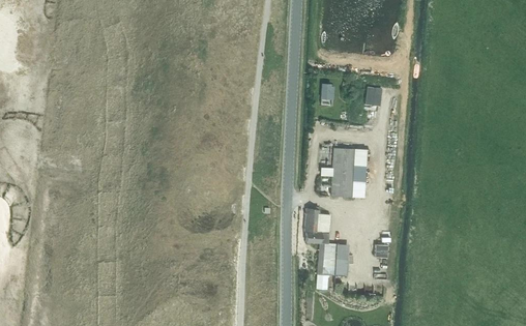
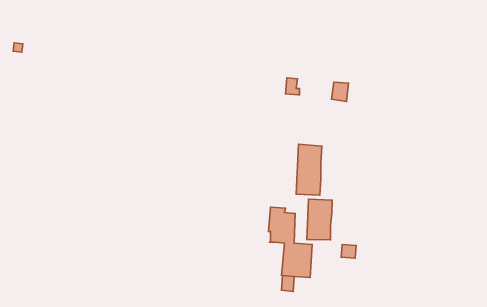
building: none -> [307,199,332,240]

